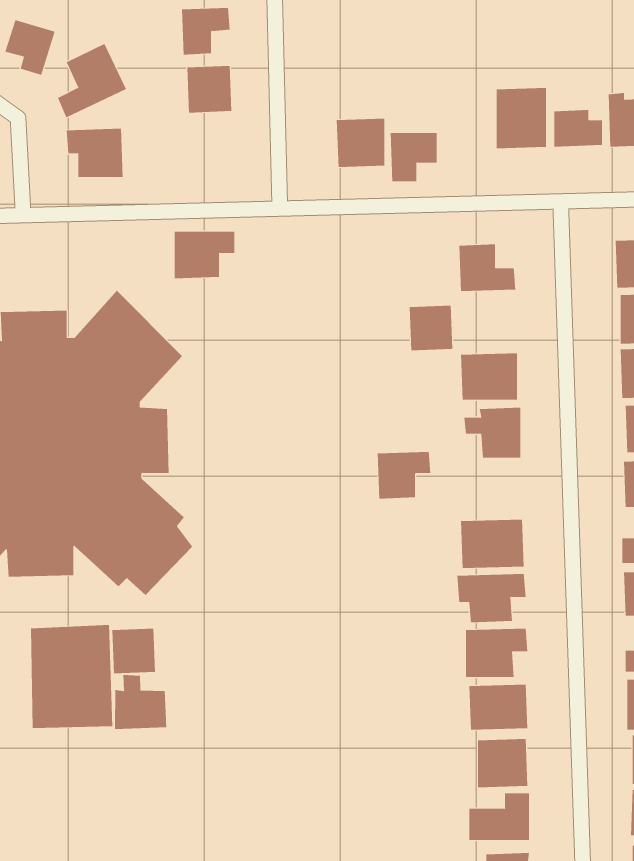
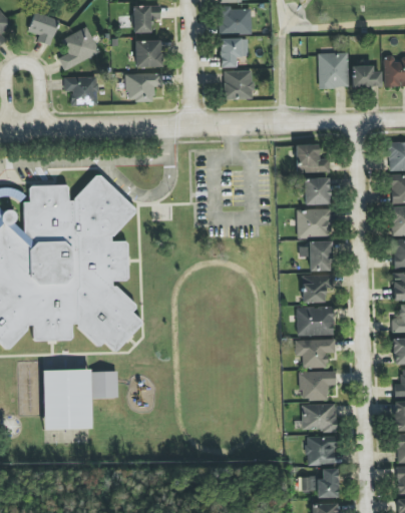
building: none -> [220,7,252,33]
building: [390,133,437,182] -> [220,38,248,67]
building: [174,231,235,279] -> [126,73,162,101]
building: [409,305,453,351] -> [304,177,330,204]
building: [377,451,431,499] -> [302,275,334,303]
building: [115,674,167,730] -> none

